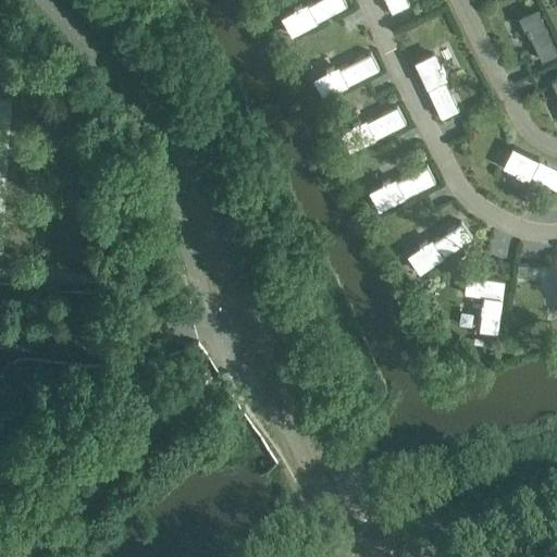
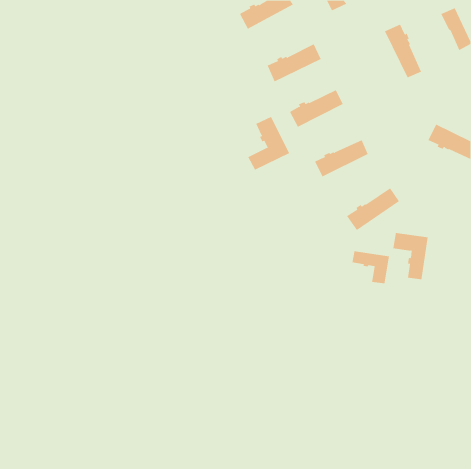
building: [413,57,458,121] -> [384,24,422,78]
building: none -> [247,116,290,170]
building: none -> [352,251,389,284]

